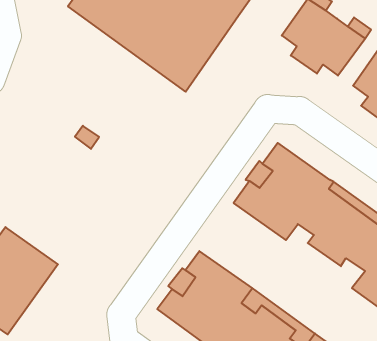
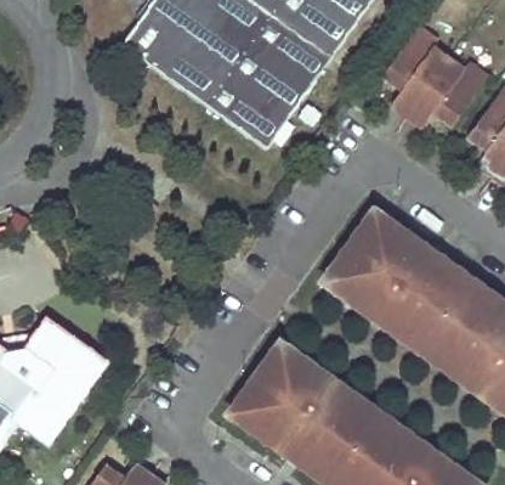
building: none -> [385,309,481,387]

